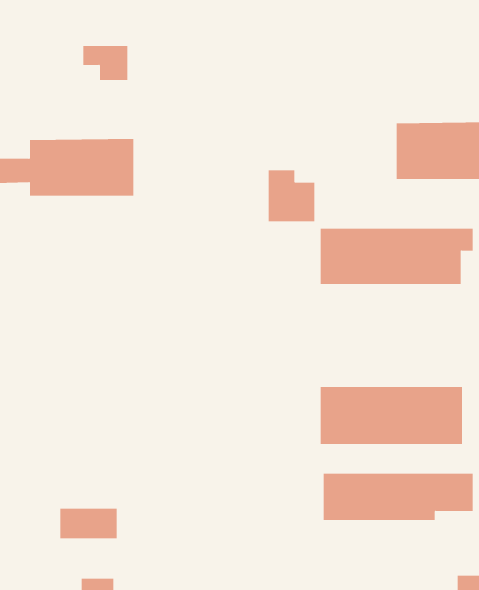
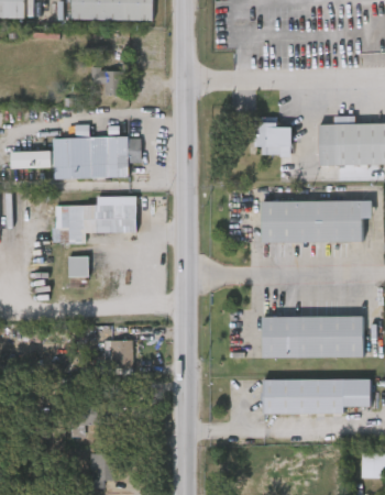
building: [268,170,315,222] -> [255,119,289,156]
building: none -> [54,196,136,242]
building: none -> [67,256,88,277]
building: none -> [104,341,133,373]

